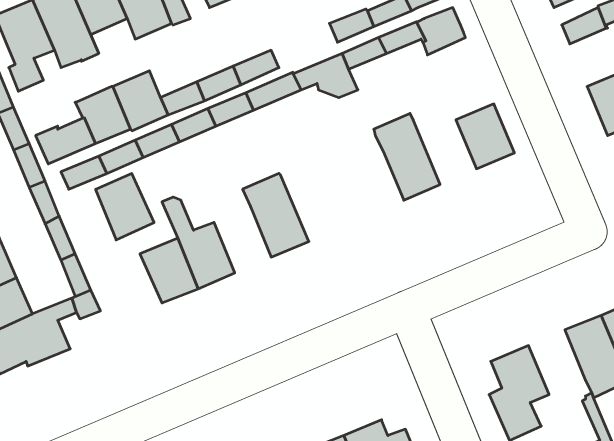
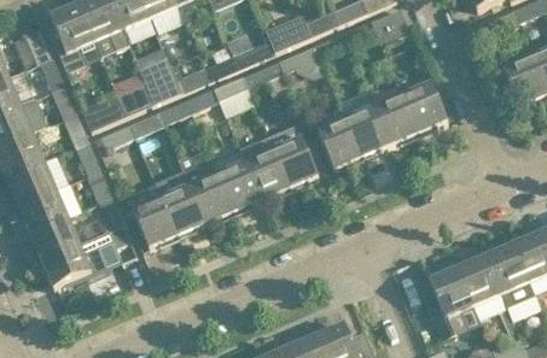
building: none -> [266,13,312,51]
building: none -> [369,83,418,143]
building: none -> [318,106,362,168]
building: none -> [267,123,318,187]
building: [96,174,154,240] -> [133,196,178,247]
building: none -> [217,160,261,211]
building: none -> [458,254,501,304]

